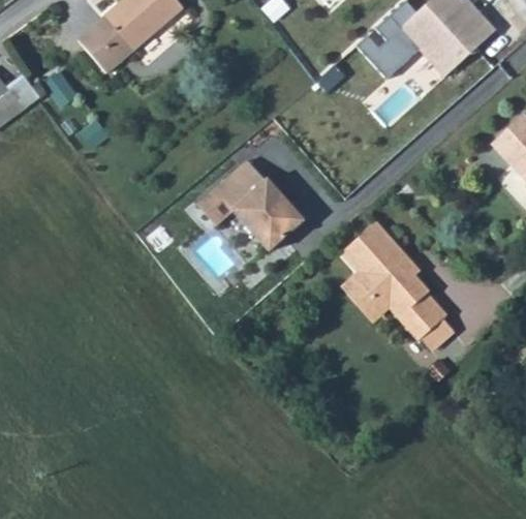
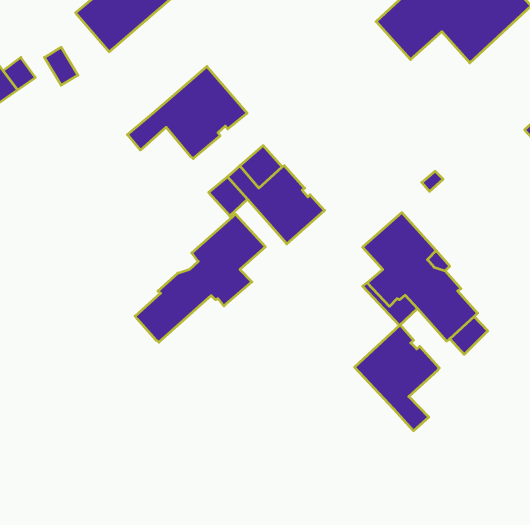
building: none -> [127,66,247,159]
building: none -> [135,214,265,342]
building: none -> [355,325,439,431]

